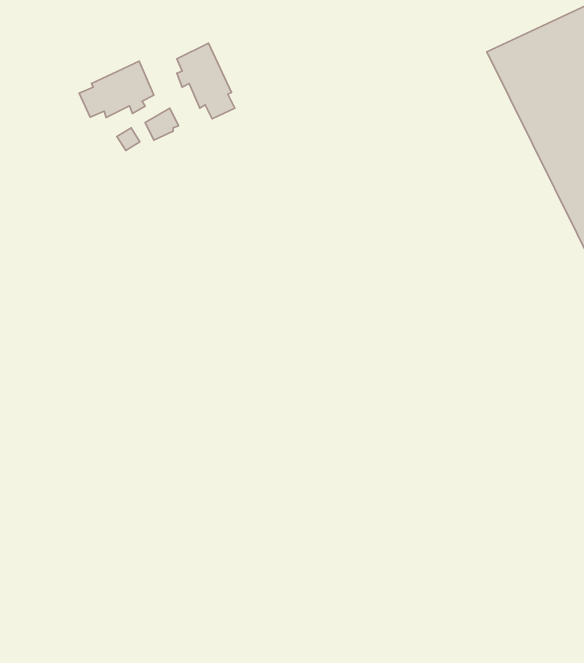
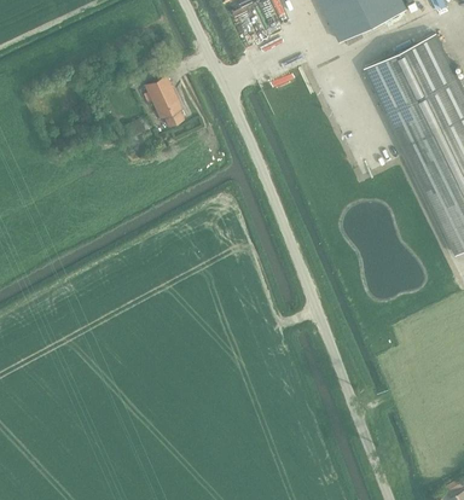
building: [79,61,154,117] -> none

